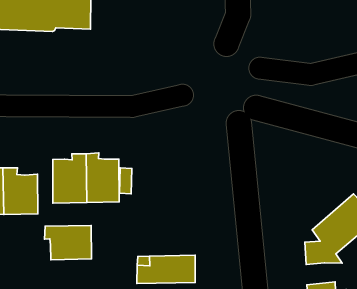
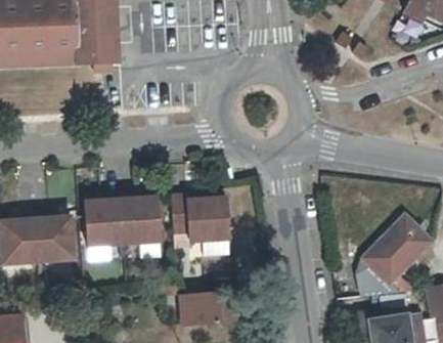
building: none -> [171,194,229,241]
building: [44,225,91,260] -> none

